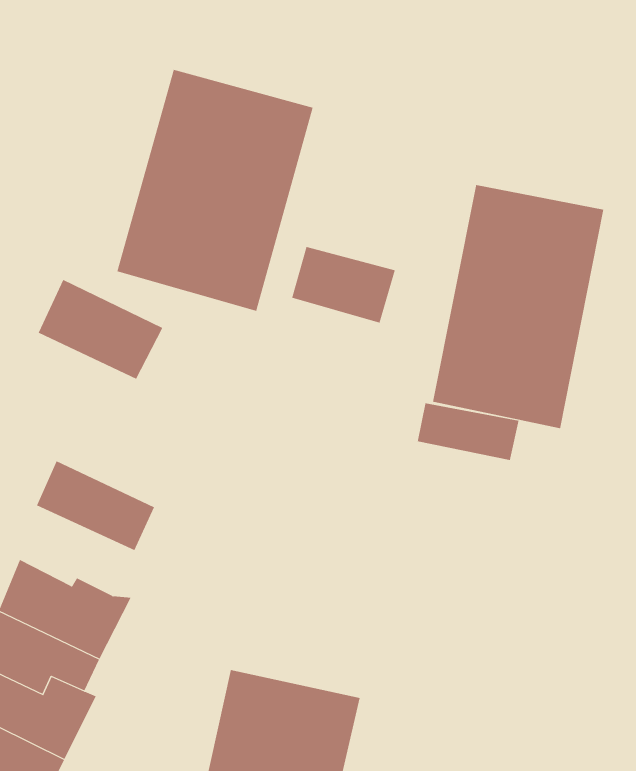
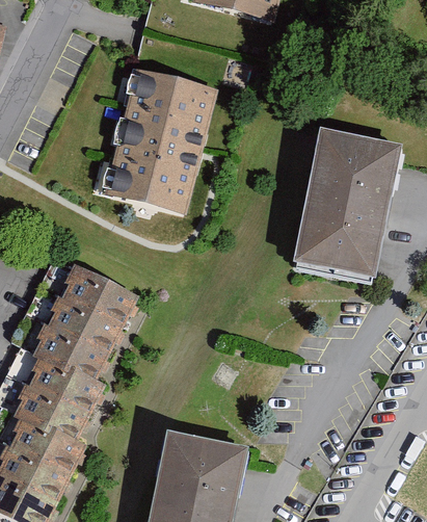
building: [292,246,395,323] -> none
building: [38,279,163,380] -> [58,269,136,332]
building: [417,402,519,461] -> none
building: none -> [33,331,107,387]

